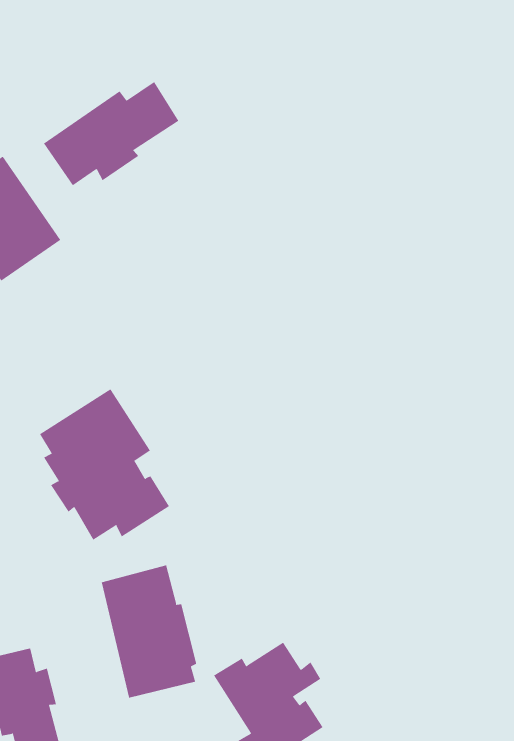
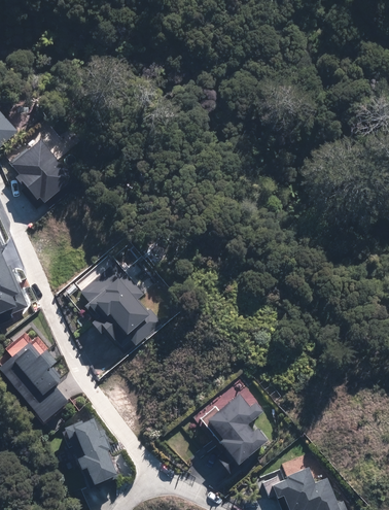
building: [43,81,179,186] -> none
building: [101,565,197,698] -> none

